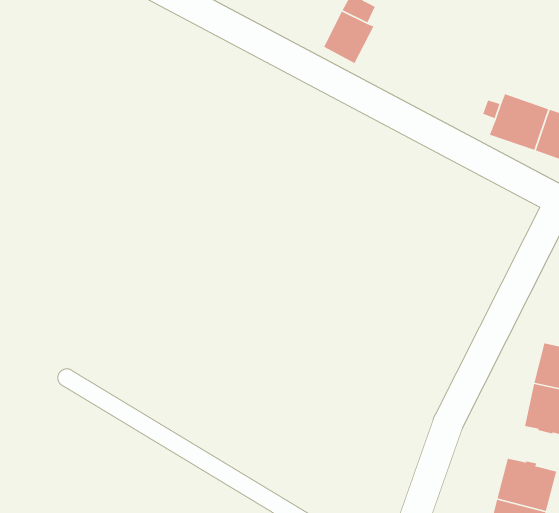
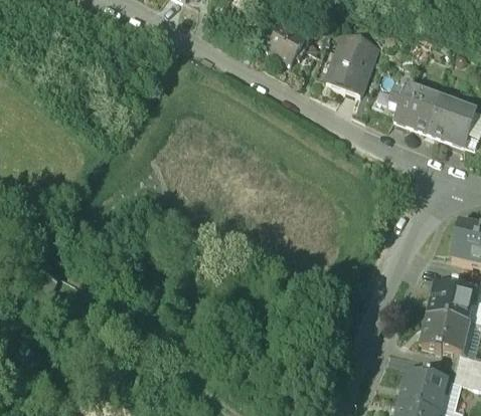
building: none -> [325,29,378,93]

